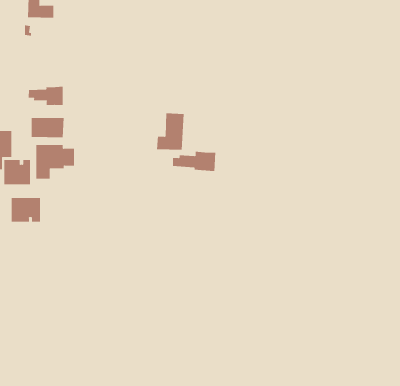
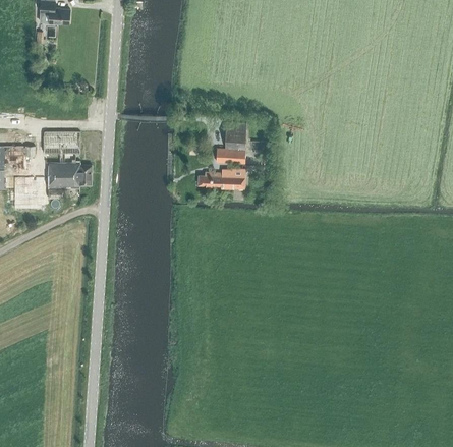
building: [28,86,63,106] -> none
building: [156,113,184,150] -> [216,122,246,163]
building: [11,197,40,223] -> none

